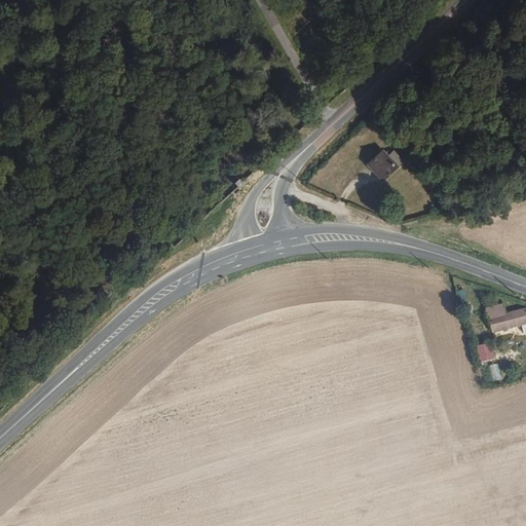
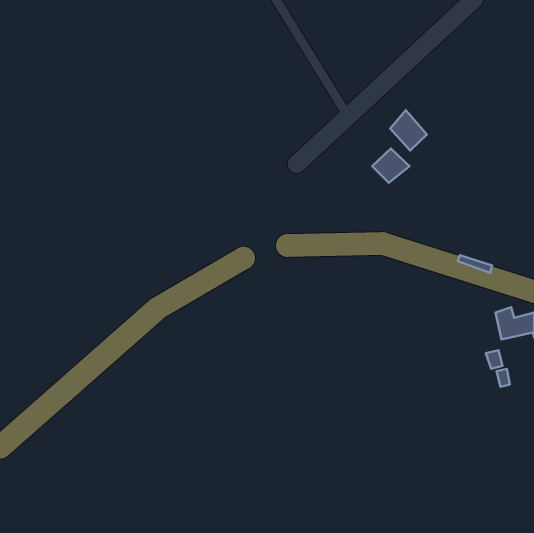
building: none -> [390,110,427,150]

